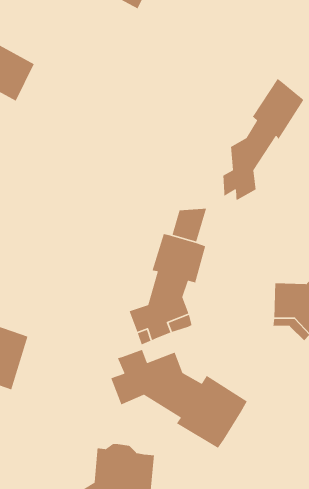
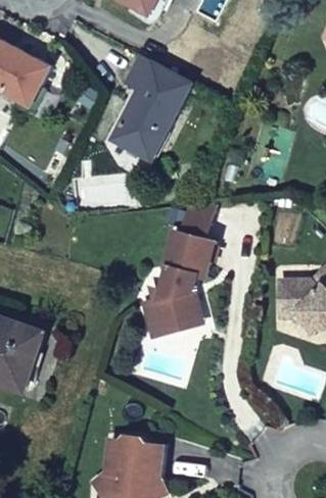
building: none -> [112,57,190,158]
building: [222,78,304,202] -> none
building: [110,349,248,449] -> none

